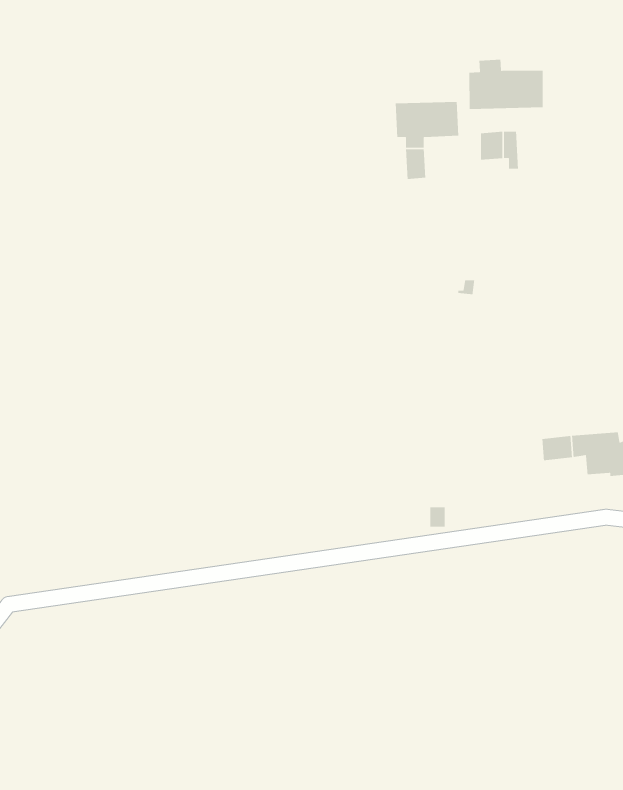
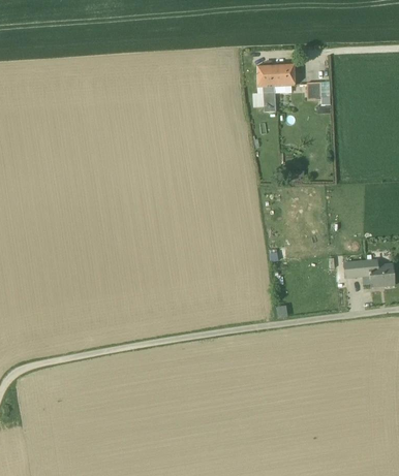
building: [469,59,543,110] -> none

